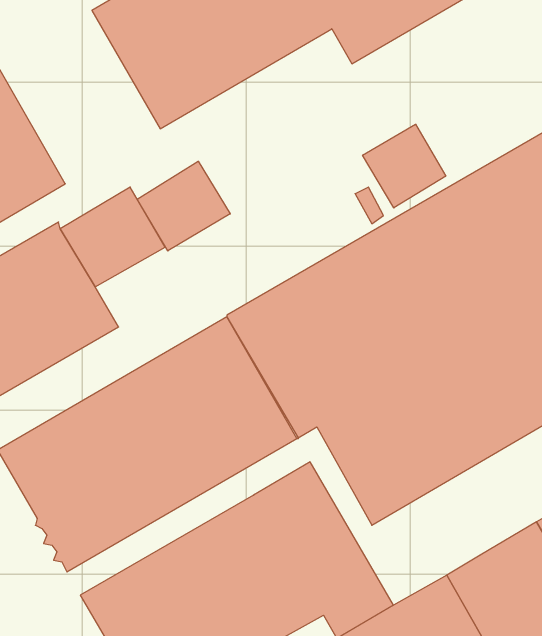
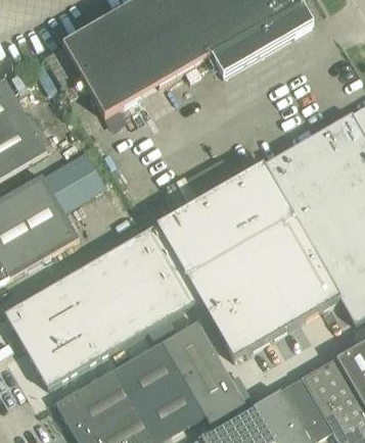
building: [363,124,446,208] -> none
building: [137,161,230,251] -> none

